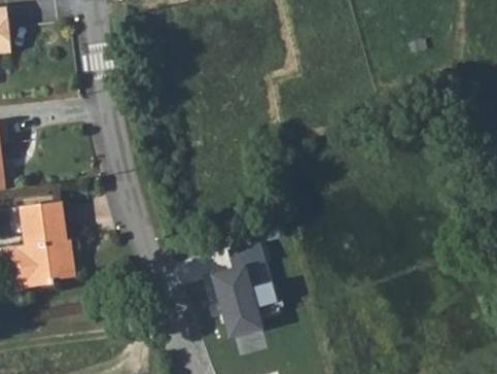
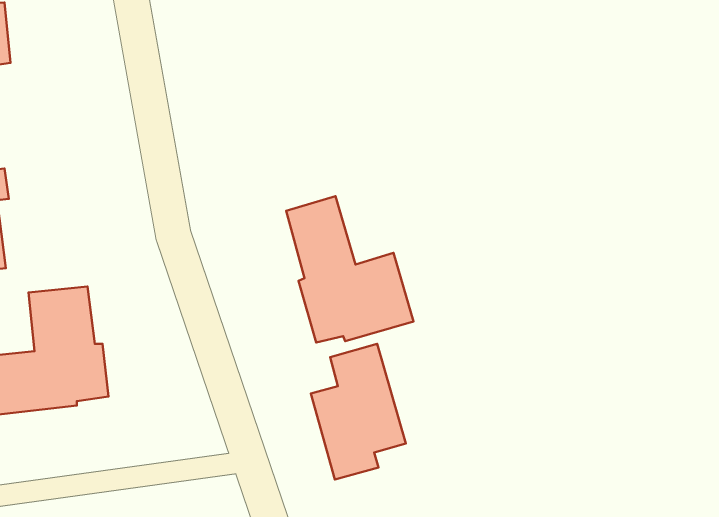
building: none -> [286,196,413,343]

